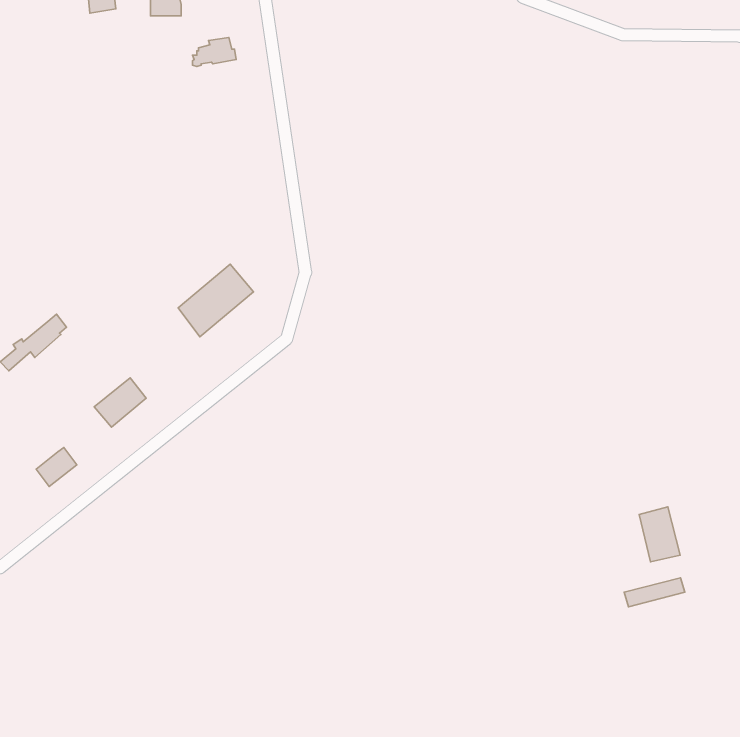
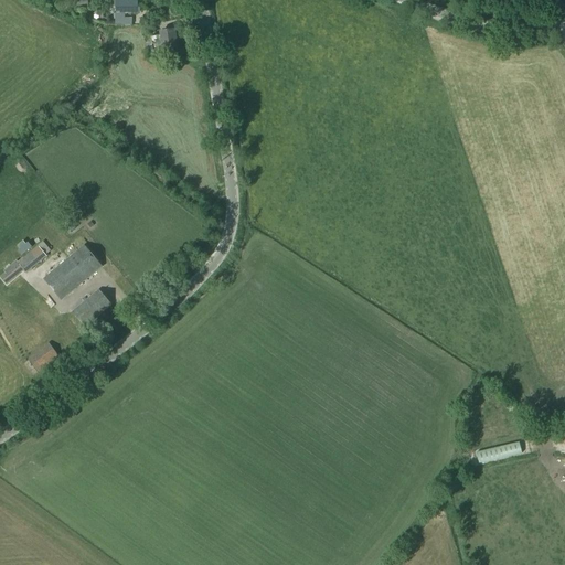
building: [178,264,253,337] -> [44,244,102,299]
building: [639,507,680,562] -> none

